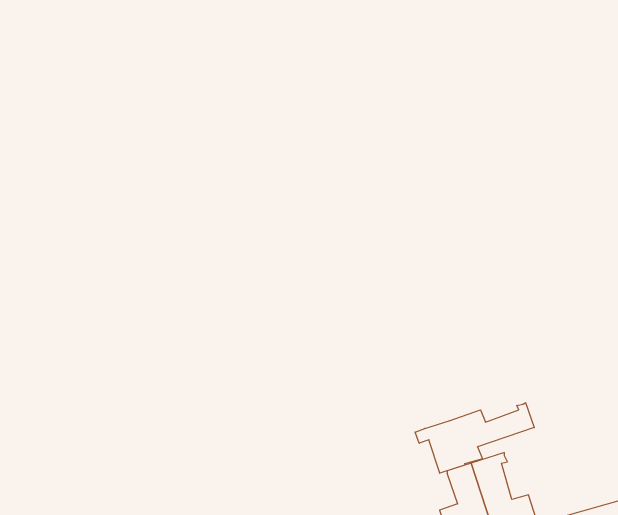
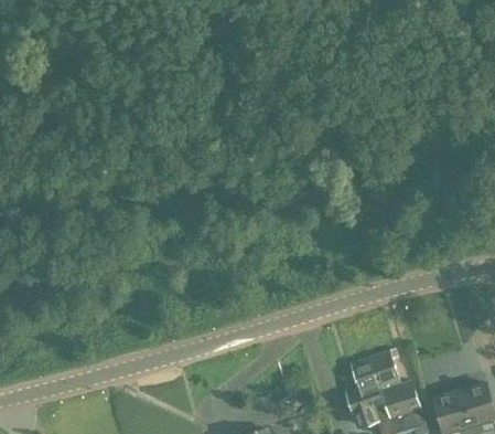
building: [415,403,534,473] -> none

